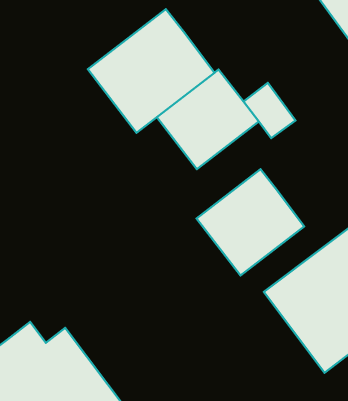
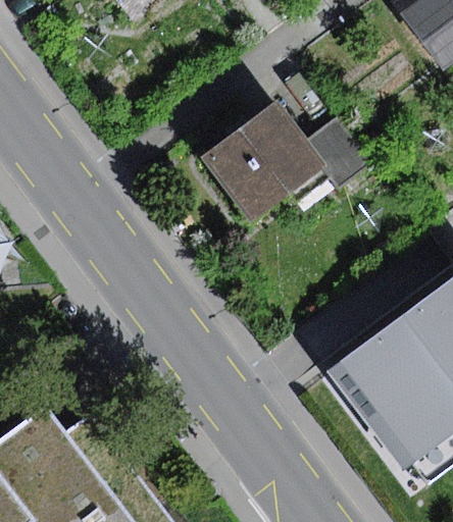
building: [88,9,214,133] -> none
building: [197,169,304,276] -> none

